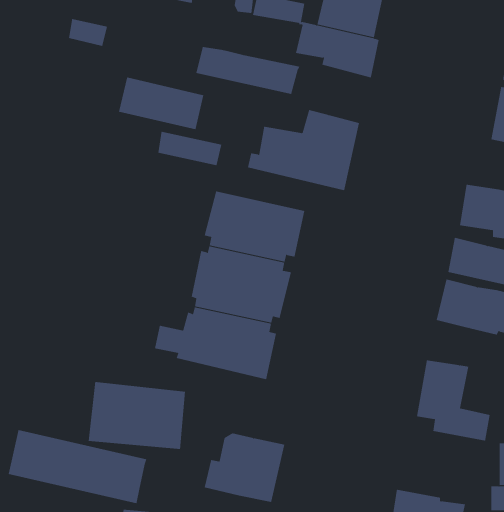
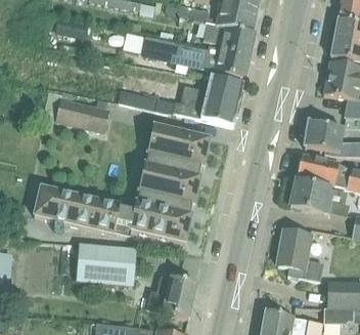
building: none -> [200,45,250,78]
building: [118,77,204,130] -> [55,98,108,131]
building: [8,429,147,504] -> [34,186,120,233]

